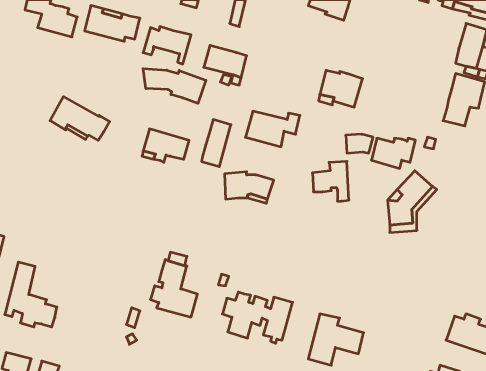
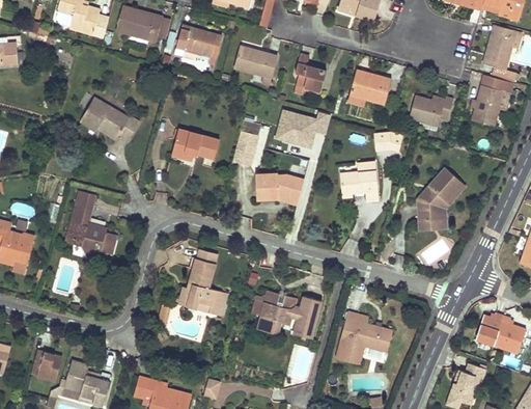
building: none -> [295,53,326,90]
building: [143,69,206,103] -> none
building: [371,138,415,168] -> [409,96,452,126]
building: [5,262,57,327] -> [64,191,116,255]

